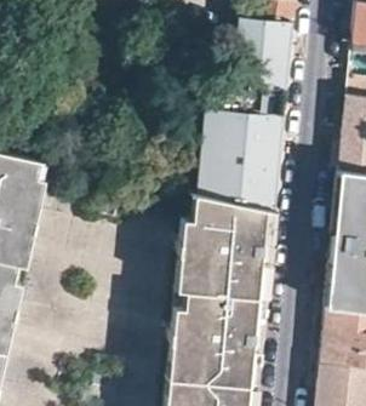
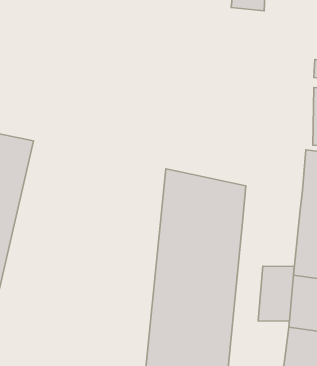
building: [200,24,292,208] -> none
building: none -> [258,266,294,321]

